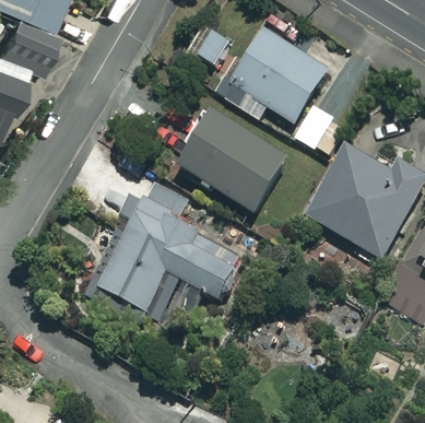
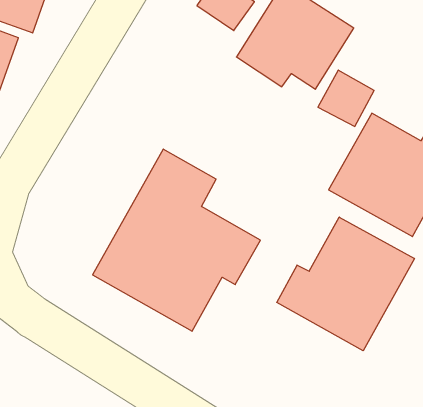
building: [174,109,284,211] -> none
building: none -> [277,217,414,351]

